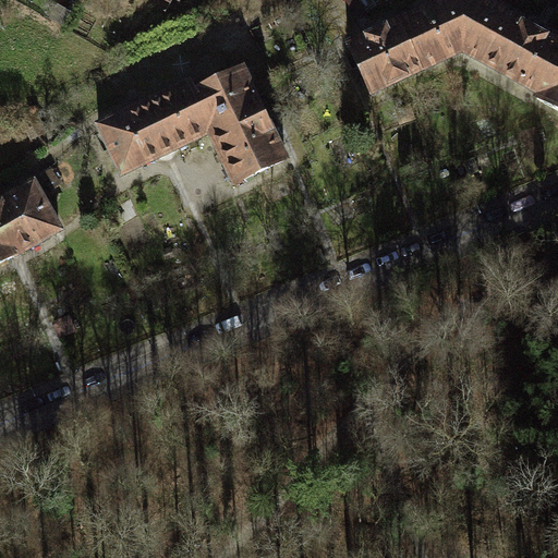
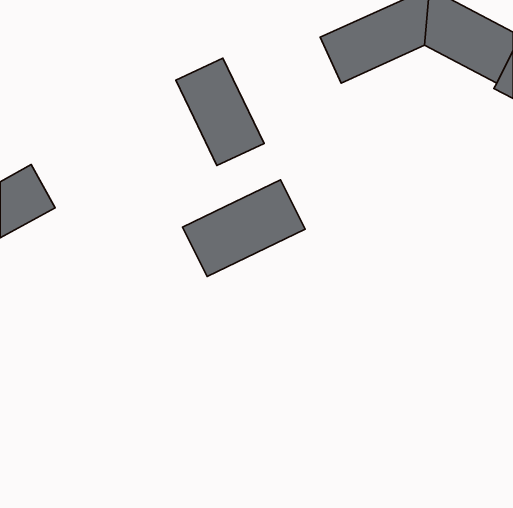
building: [97,80,210,170] -> none
building: none -> [182,180,305,276]

